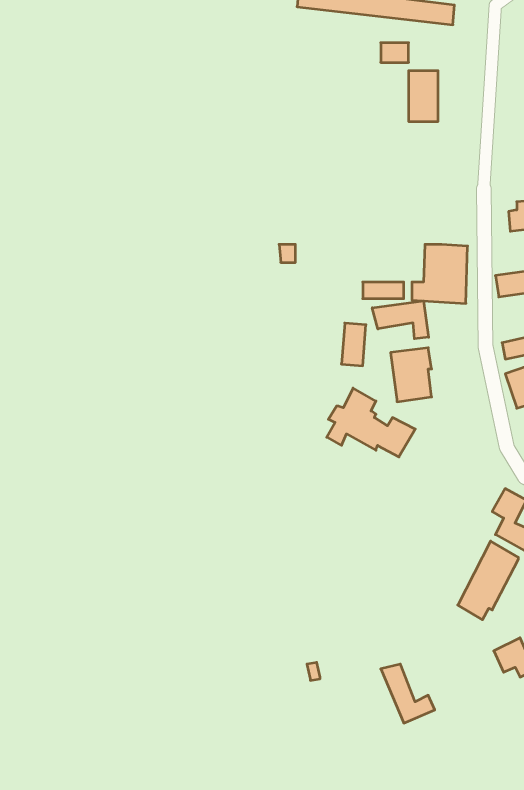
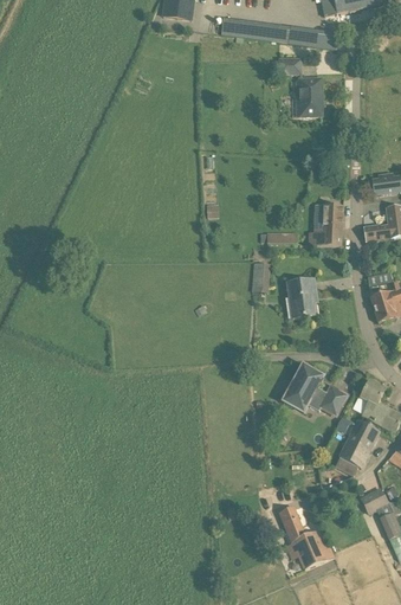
building: [372,301,429,339] -> none
building: [327,388,415,457] -> [283,365,347,414]
building: none -> [296,540,326,568]

